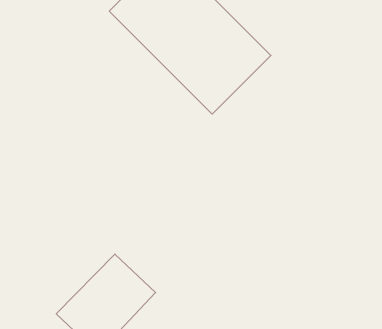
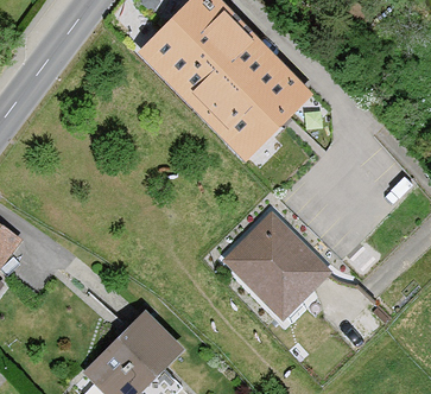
building: none -> [221,211,327,317]

